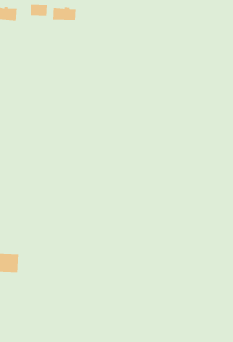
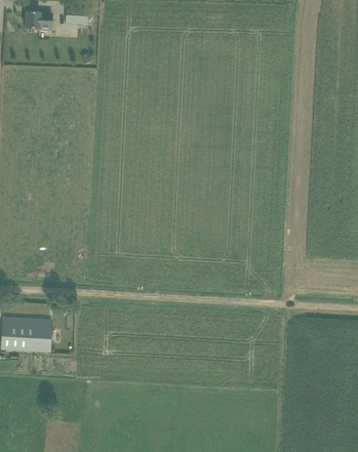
building: [52,7,76,21] -> none

